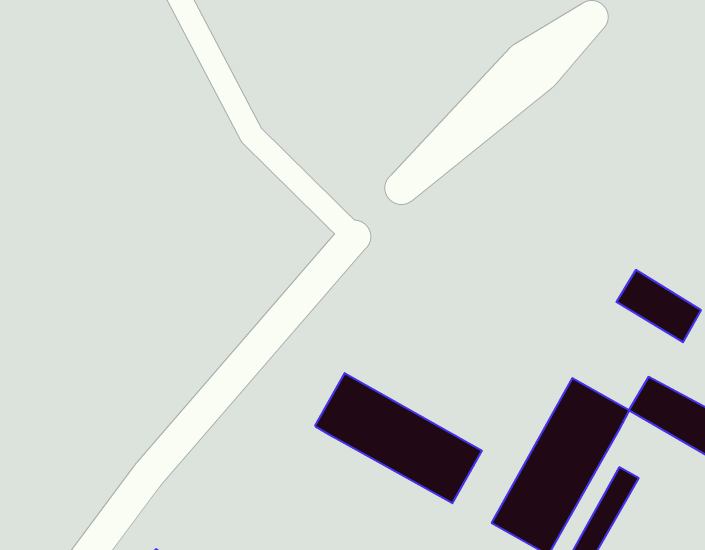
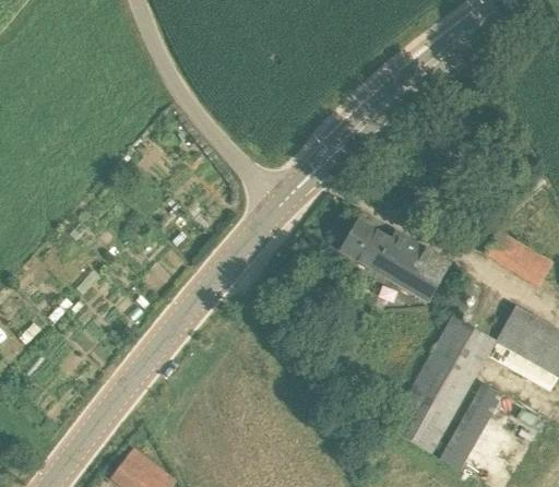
building: none -> [341,219,451,300]
building: [315,373,482,503] -> none

